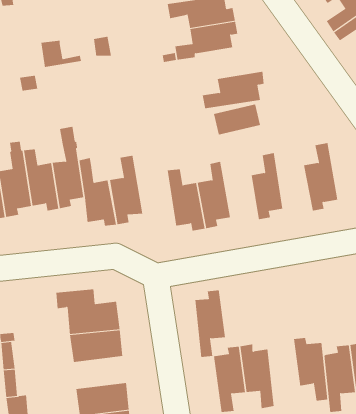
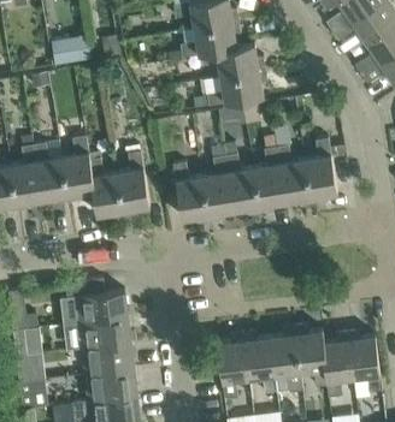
building: none -> [200,43,265,77]
building: none -> [273,131,312,206]
building: none -> [224,154,260,215]
building: [194,290,226,357] -> [270,327,300,392]
building: none -> [82,344,134,375]

